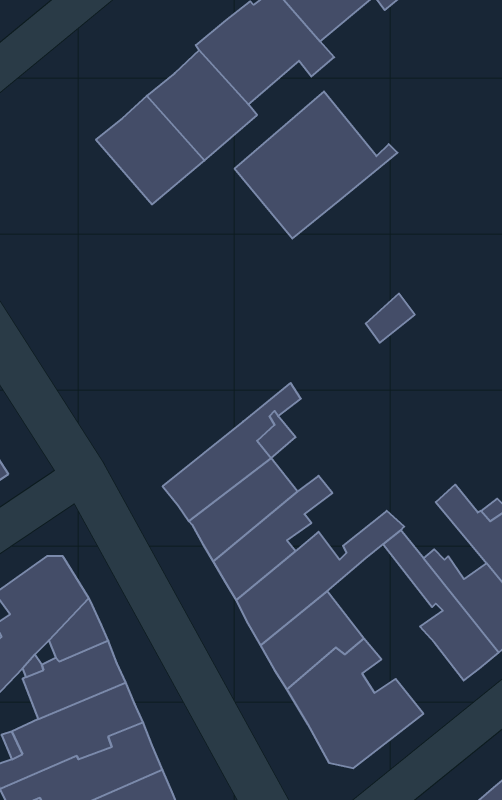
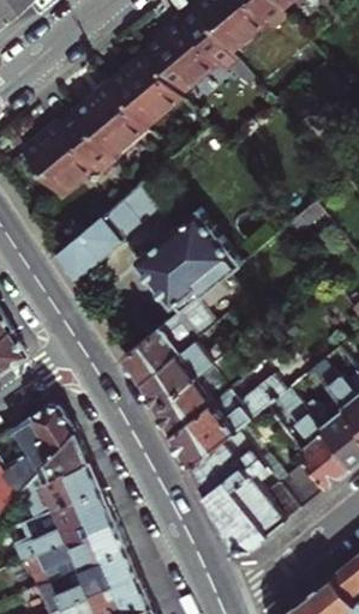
building: [235,91,398,239] -> [137,213,249,314]
building: none -> [24,121,118,200]
building: none -> [55,188,158,287]
building: none -> [280,465,328,514]

